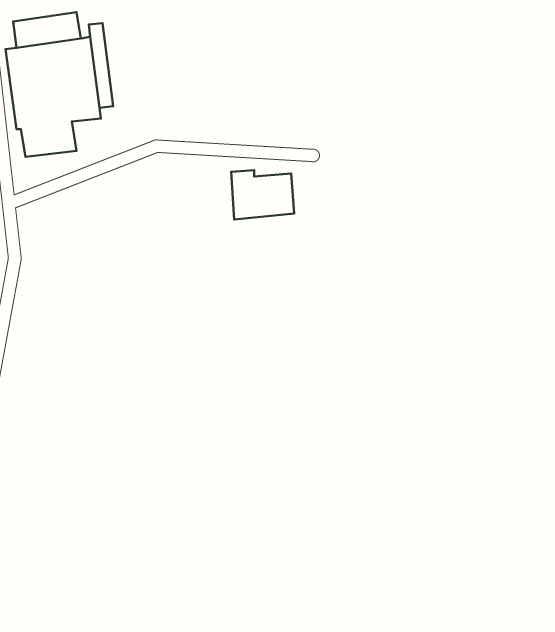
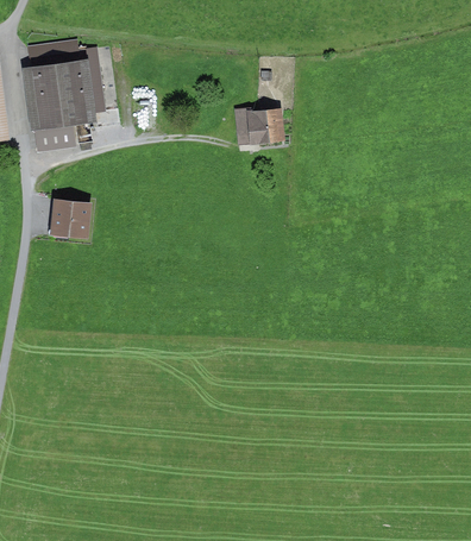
building: [231,170,294,220] -> [234,107,283,145]
building: none -> [50,199,93,238]

